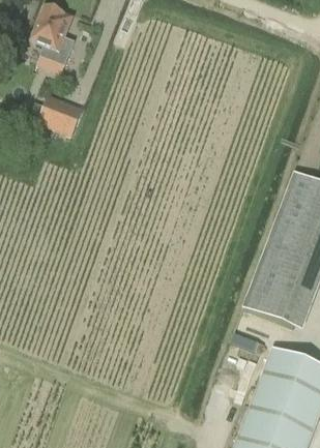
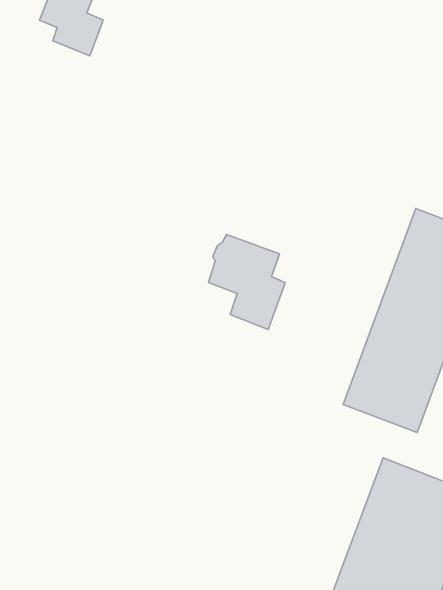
building: [29,93,84,133] -> none
building: none -> [208,234,285,329]

